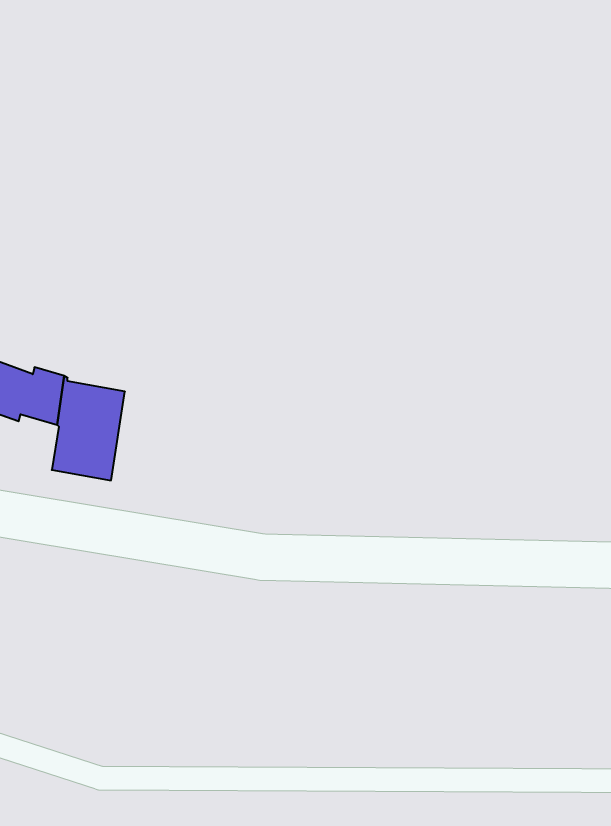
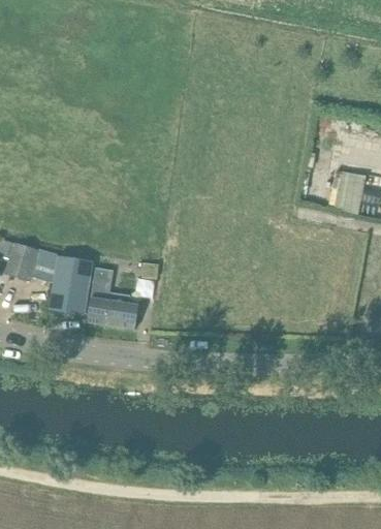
building: none -> [87,267,138,329]

